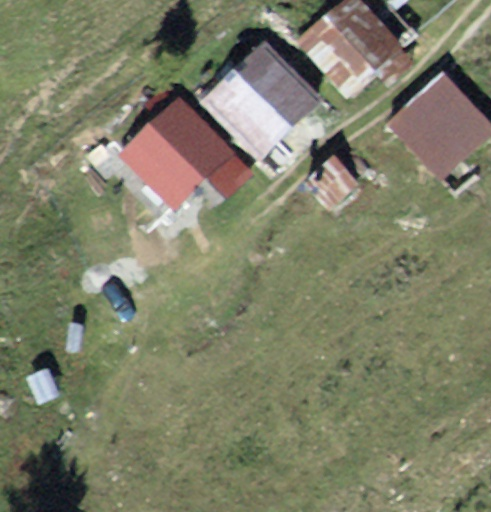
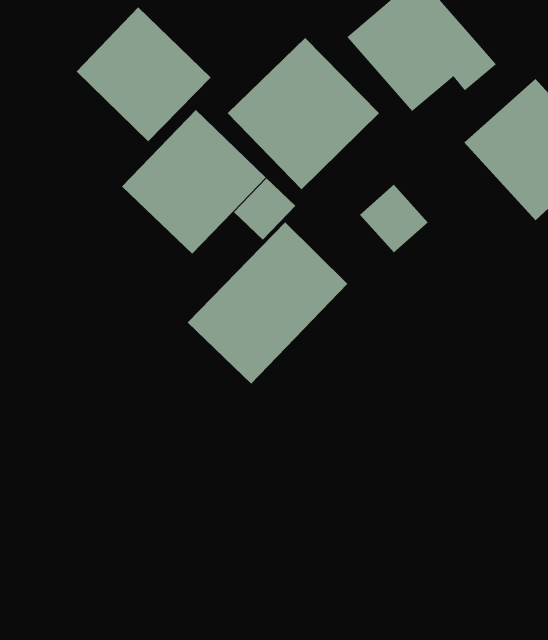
building: none -> [76,7,212,142]
building: none -> [187,222,348,385]

